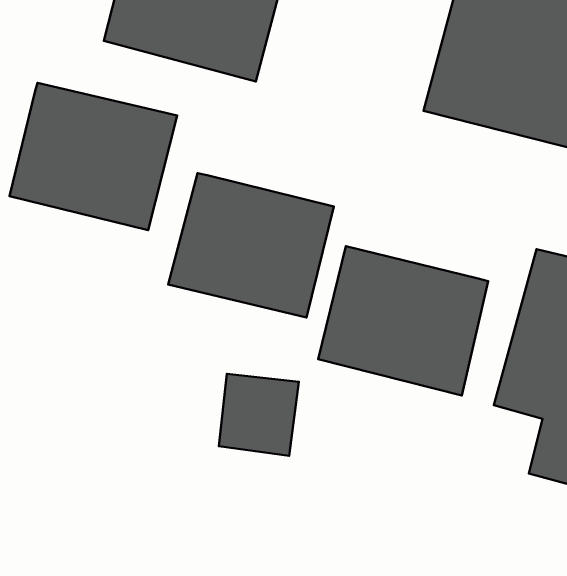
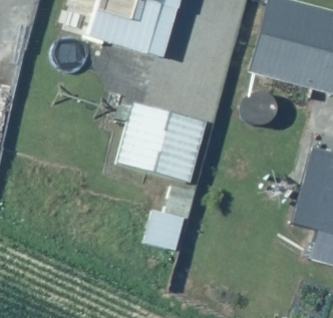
building: [9,83,177,230] -> none
building: [318,246,488,396] -> none

